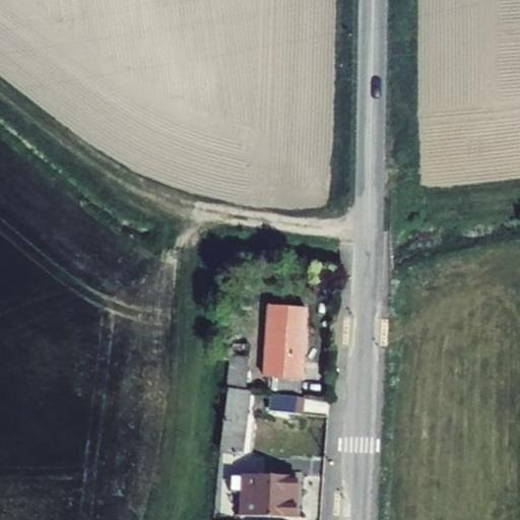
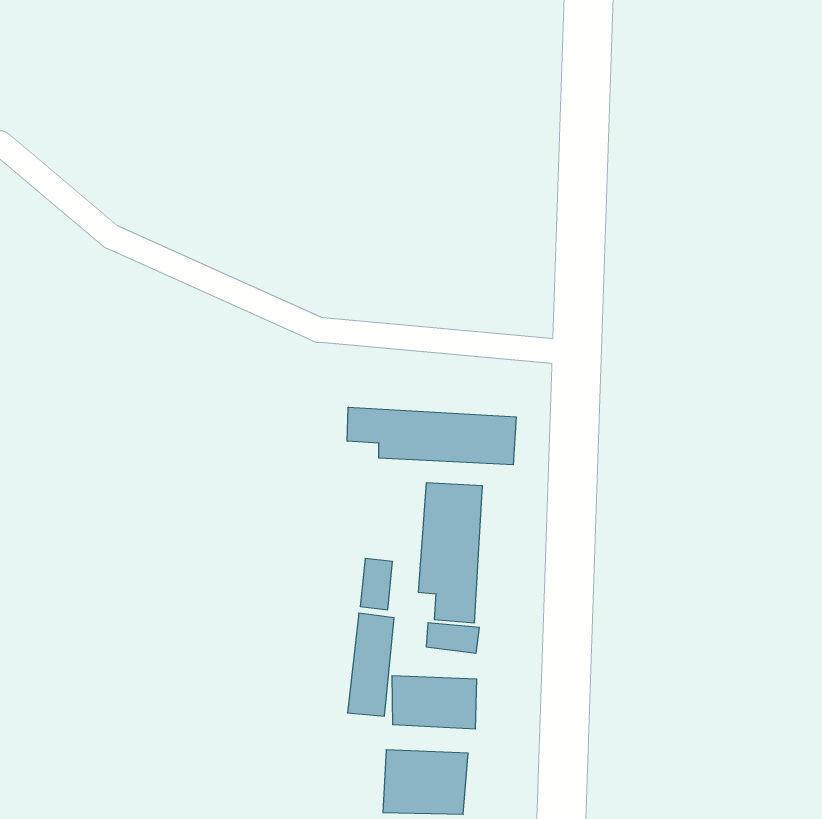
building: none -> [347,407,516,465]
building: none -> [392,676,476,729]

